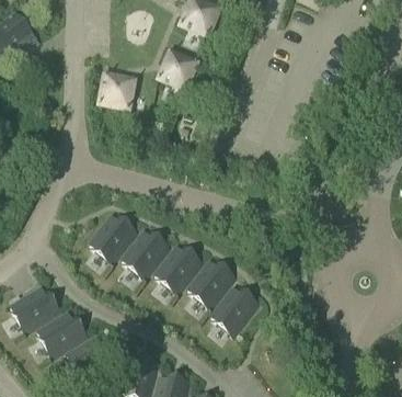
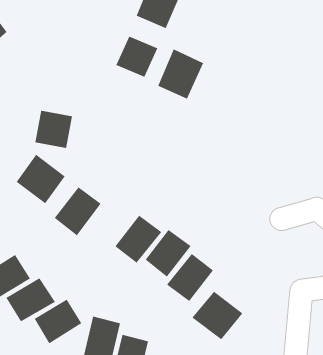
building: none -> [158,49,204,99]
building: [96,69,138,111] -> [35,110,73,149]
building: none -> [16,154,66,204]
building: [120,226,171,279] -> none
building: none -> [191,291,243,340]

